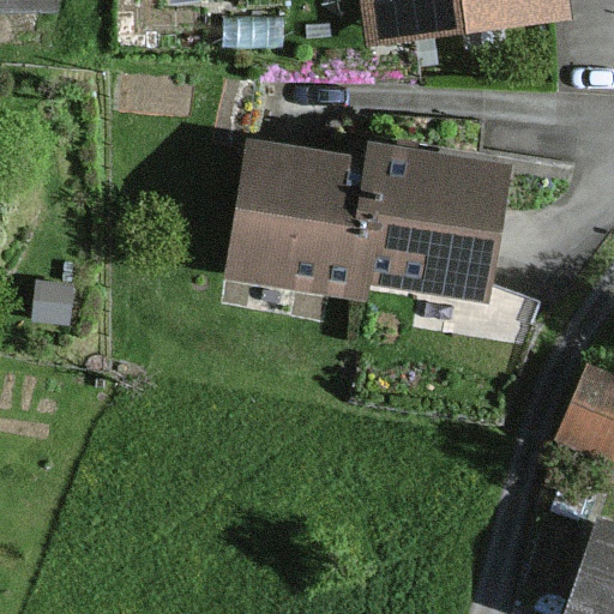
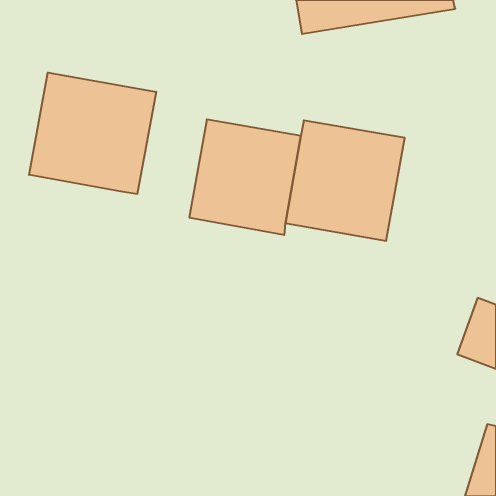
building: none -> [29,73,156,194]

